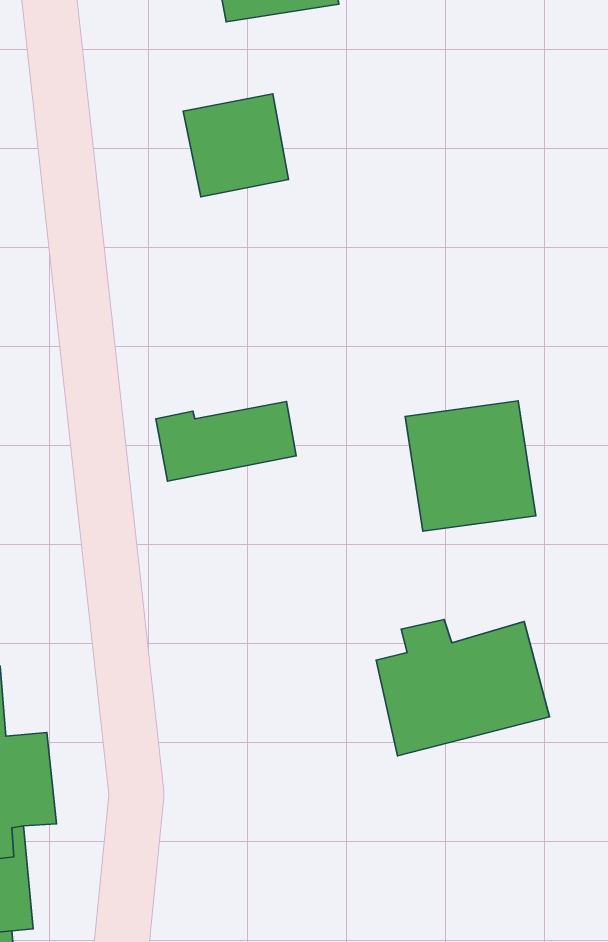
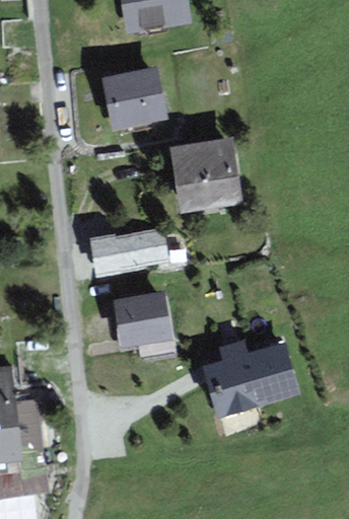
building: [405,401,536,531] -> [170,141,238,209]
building: none -> [117,295,168,345]

